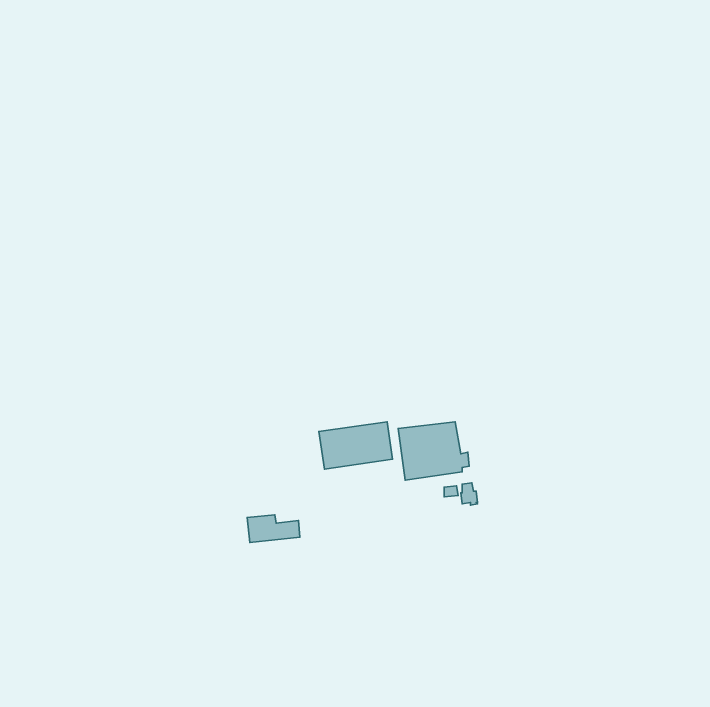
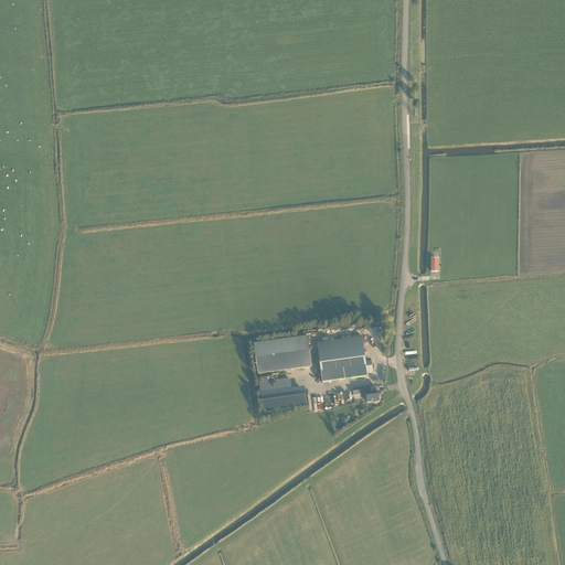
building: [247,515,300,543] -> [259,387,301,409]

